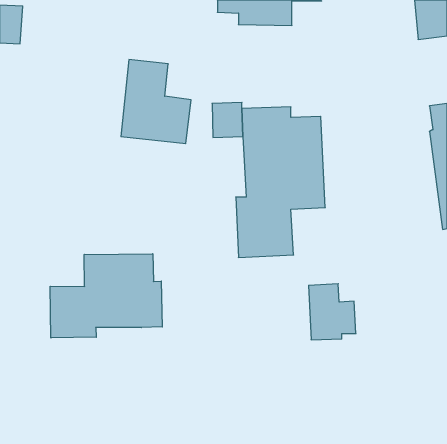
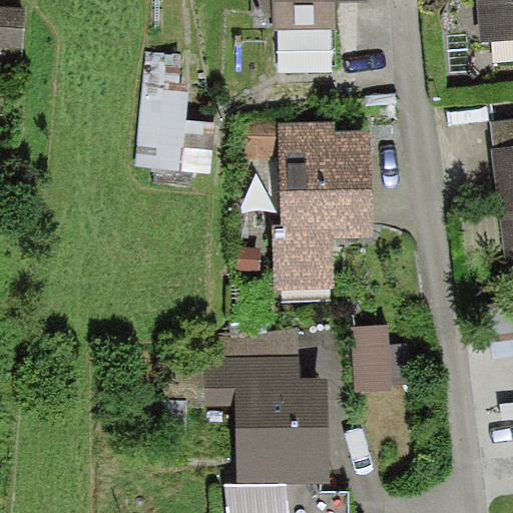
building: [50,254,162,338] -> none
building: none -> [205,339,331,487]

